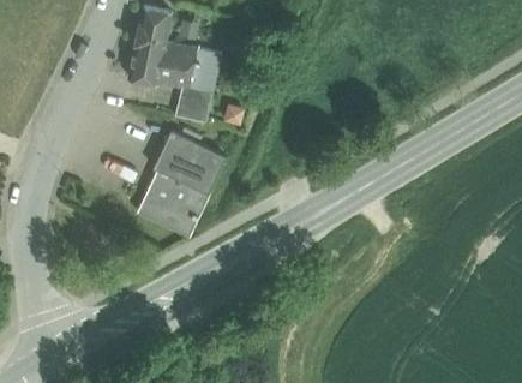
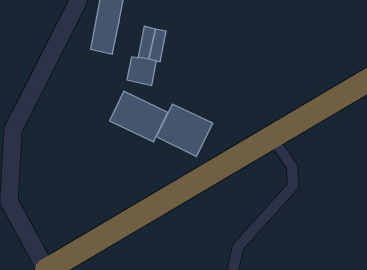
building: [156,42,196,88] -> none
building: [137,169,208,235] -> [156,104,213,157]

